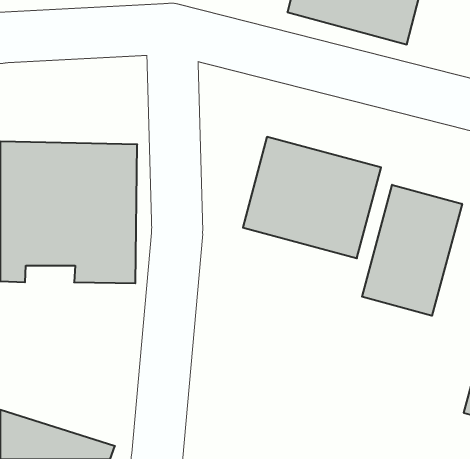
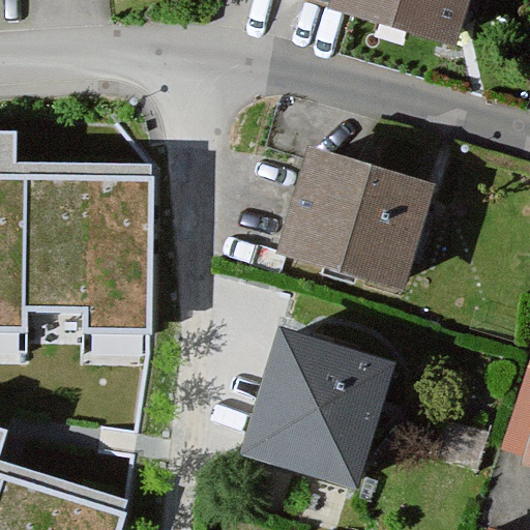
building: [362,185,462,316] -> none
building: none -> [234,332,390,494]

